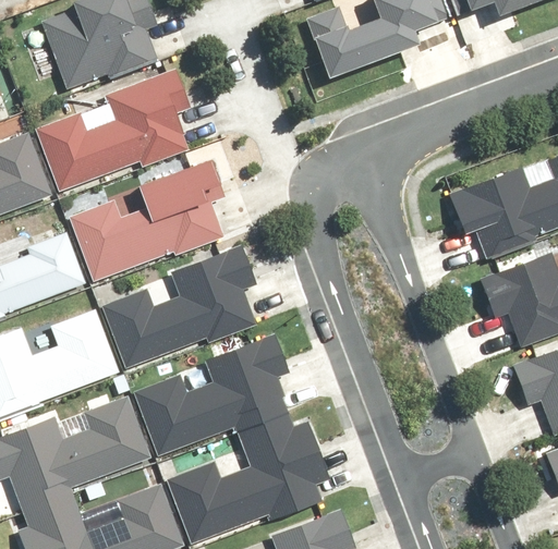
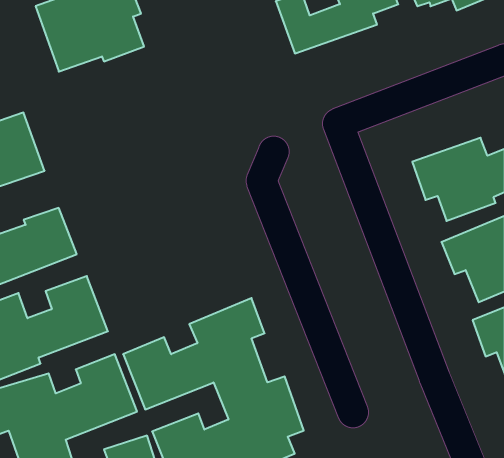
building: [36,69,191,192] -> none
building: [70,163,228,281] -> none
building: [101,249,257,367] -> none

